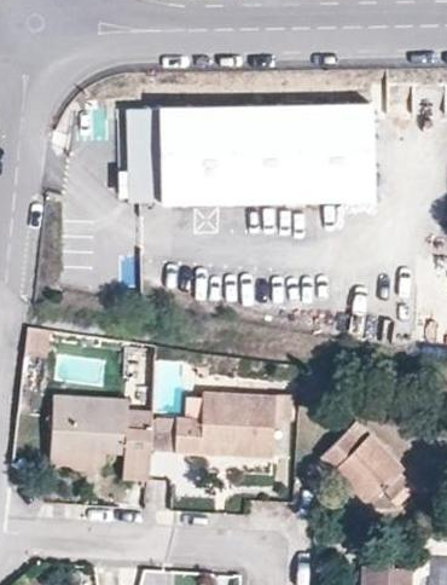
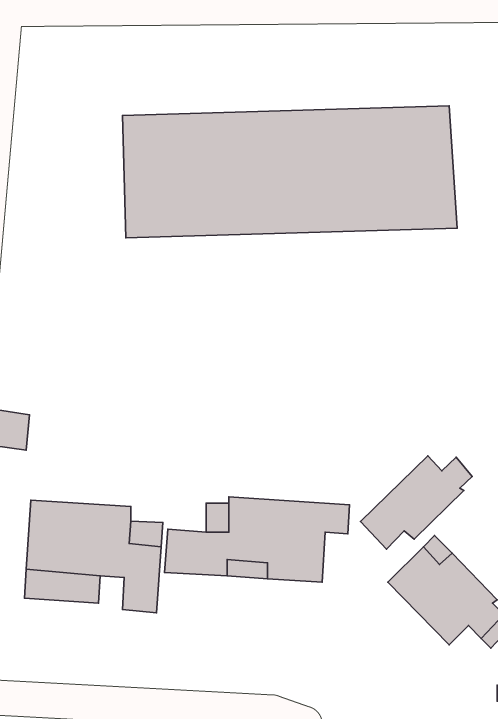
building: none -> [360,456,472,549]

